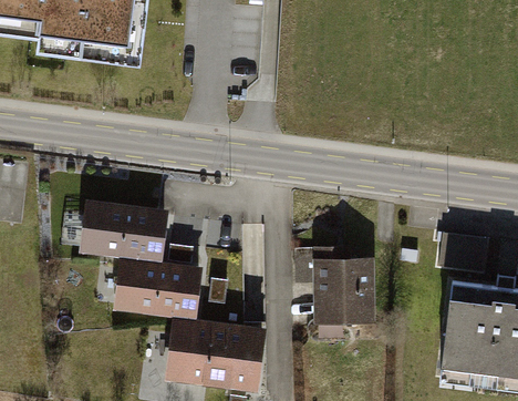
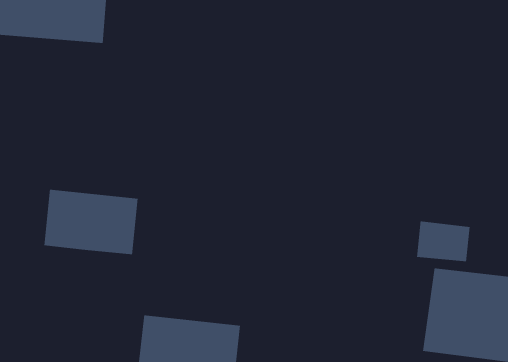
building: [310,258,374,326] -> none
building: [114,259,204,318] -> none

